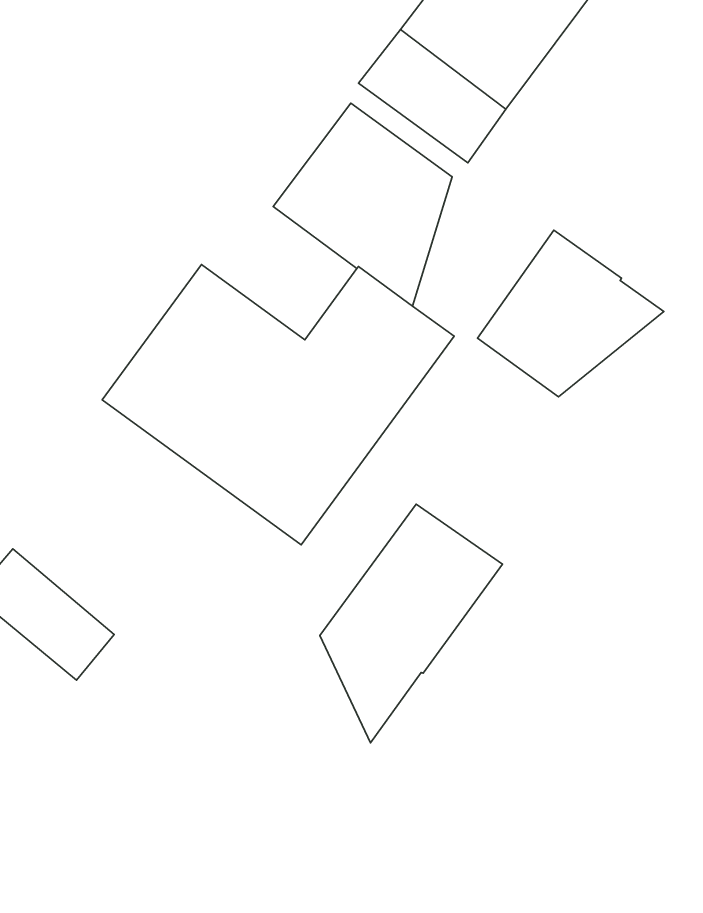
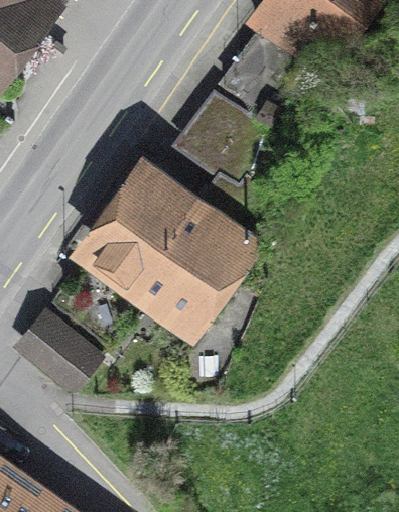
building: [478,230,664,397] -> none
building: [320,504,502,743] -> none

